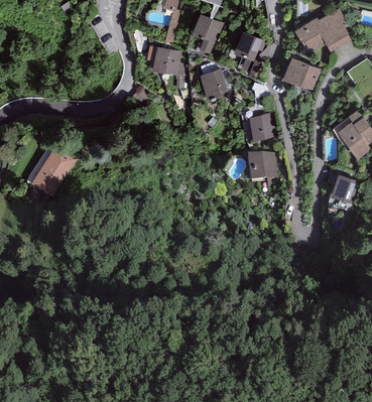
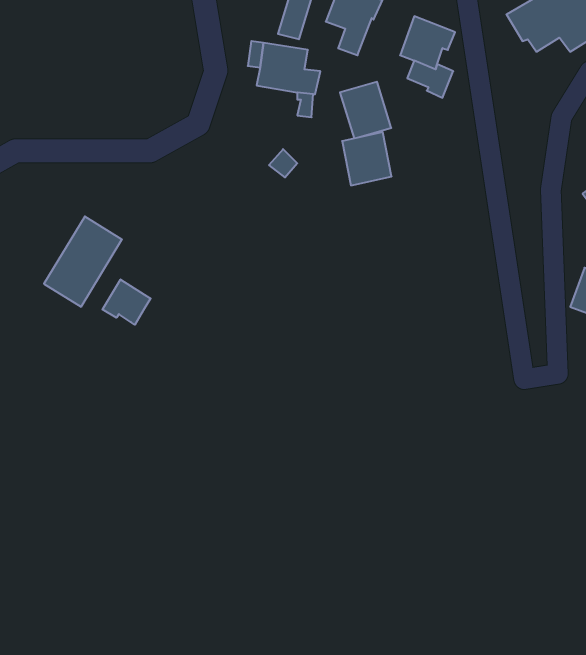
building: [280,57,322,90] -> none
building: [248,112,276,142] -> [342,132,392,185]
building: [247,151,277,185] -> none
building: none -> [102,279,151,325]

